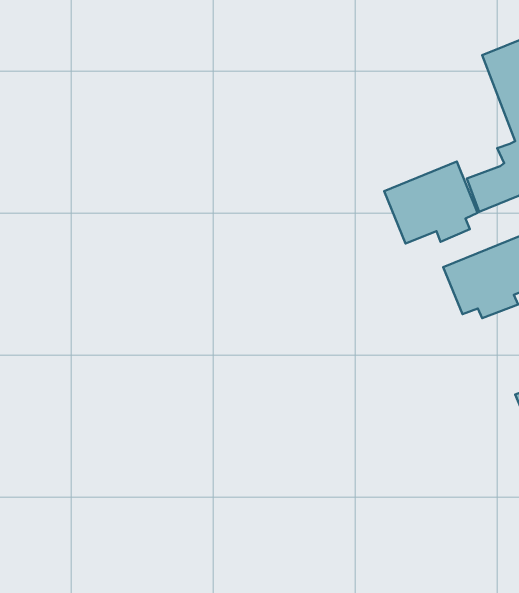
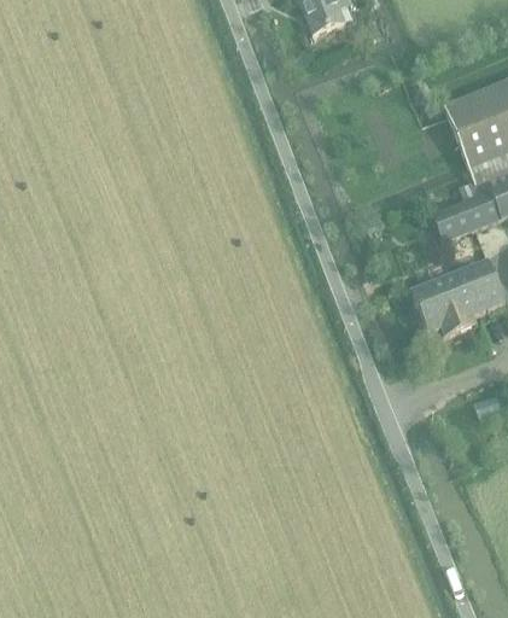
building: [384,162,478,244] -> none

